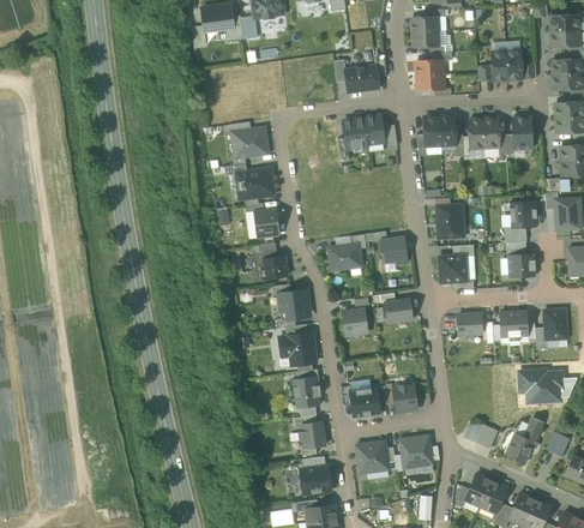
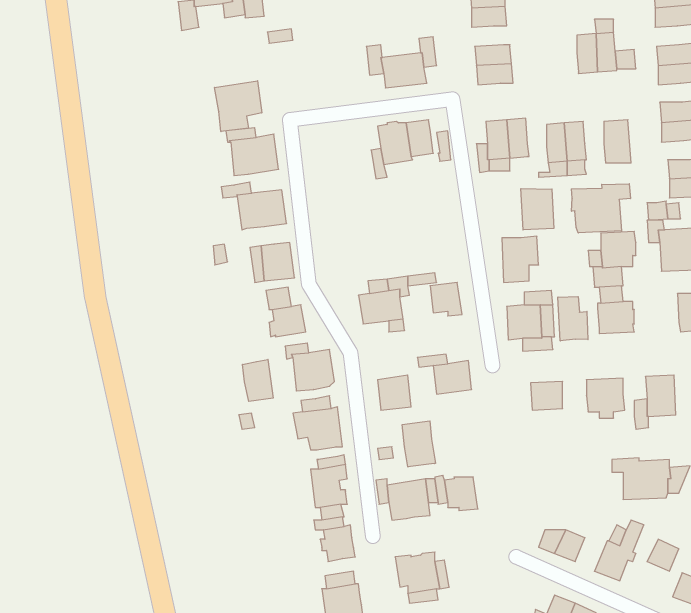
building: none -> [215,81,262,132]
building: none -> [571,184,630,233]
building: none -> [521,189,554,230]
building: none -> [558,297,588,341]
building: none -> [242,359,273,401]
building: none -> [402,421,436,467]
building: [399,436,433,469] -> none

